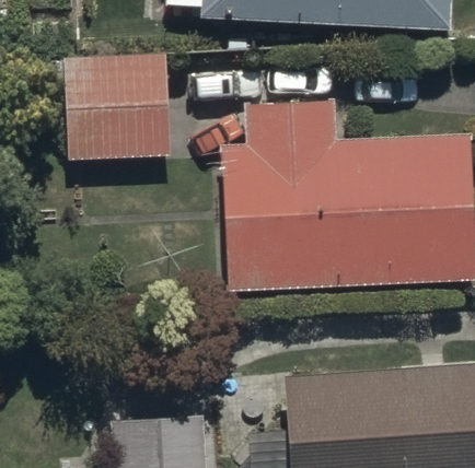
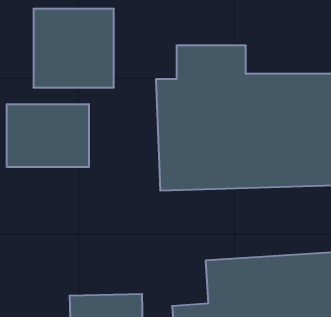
building: none -> [7,104,89,167]

